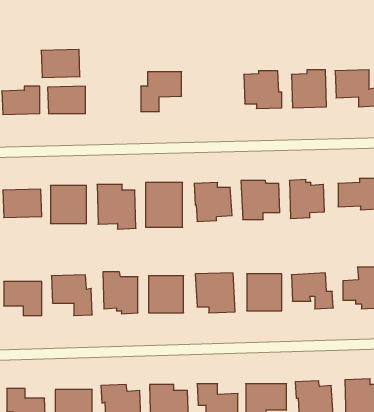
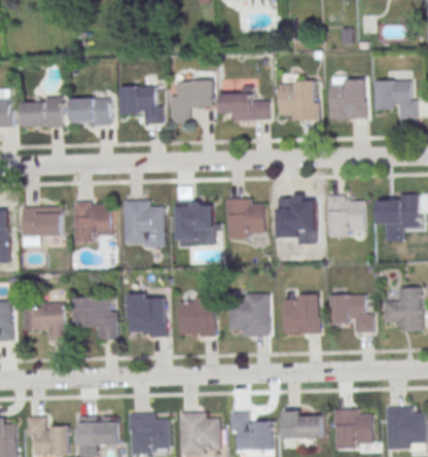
building: [41,49,80,78] -> [120,85,162,115]
building: none -> [220,85,270,120]

